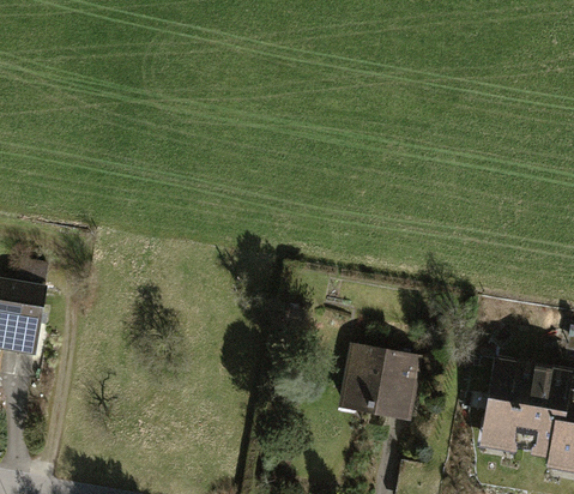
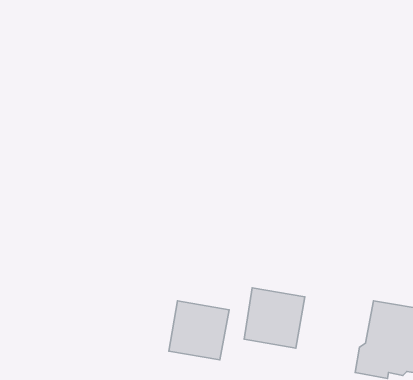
building: none -> [169,301,229,360]

